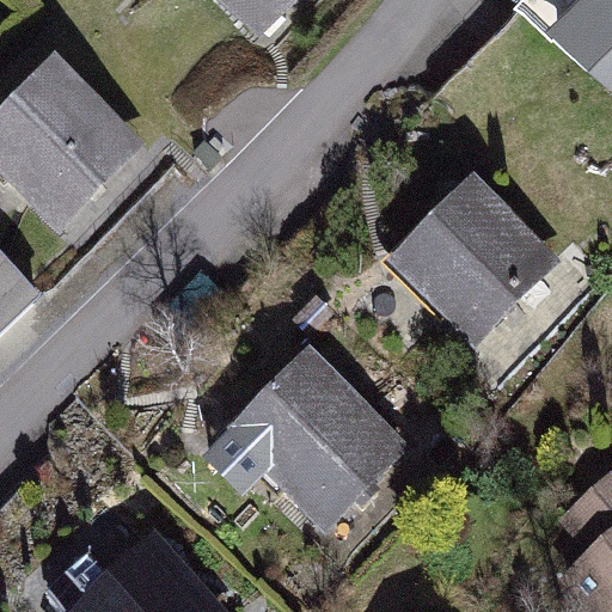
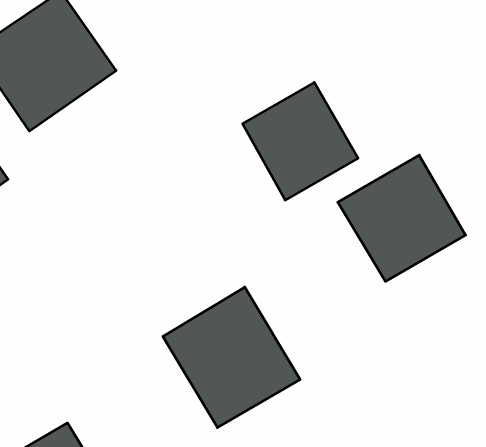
building: none -> [243,82,358,200]

